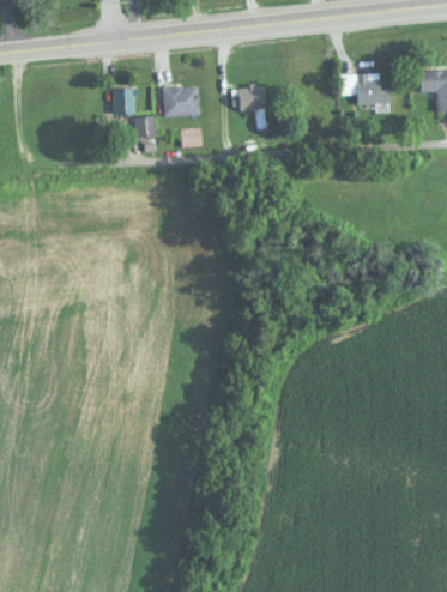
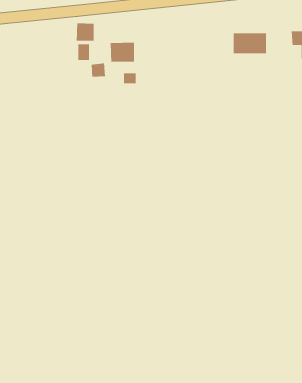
building: none -> [76,23,94,42]
building: [232,86,266,110] -> none

